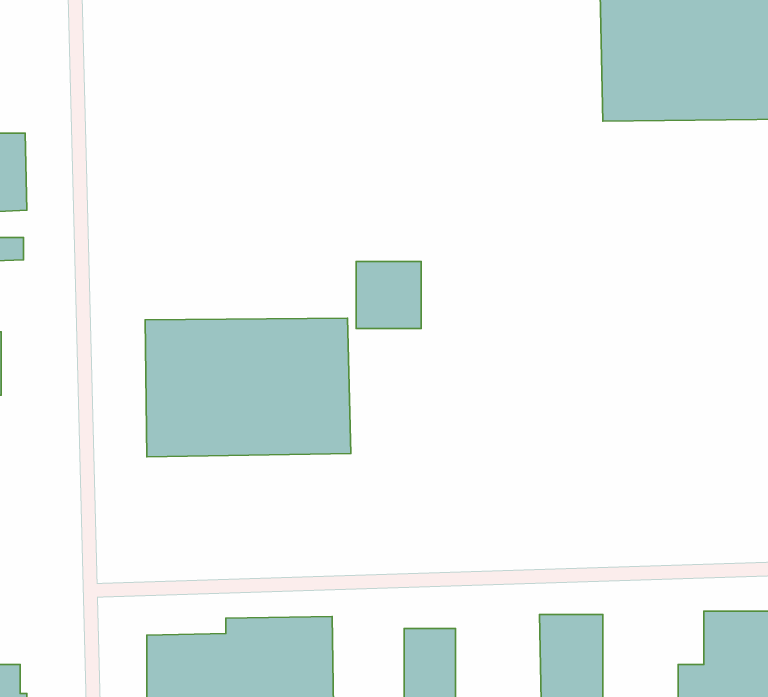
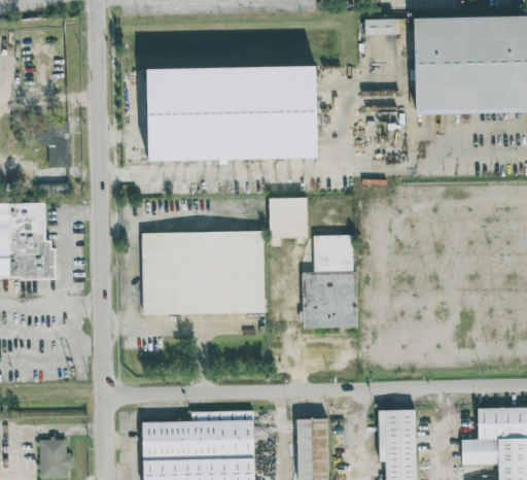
building: none -> [153,69,320,164]
building: none -> [304,236,355,327]

